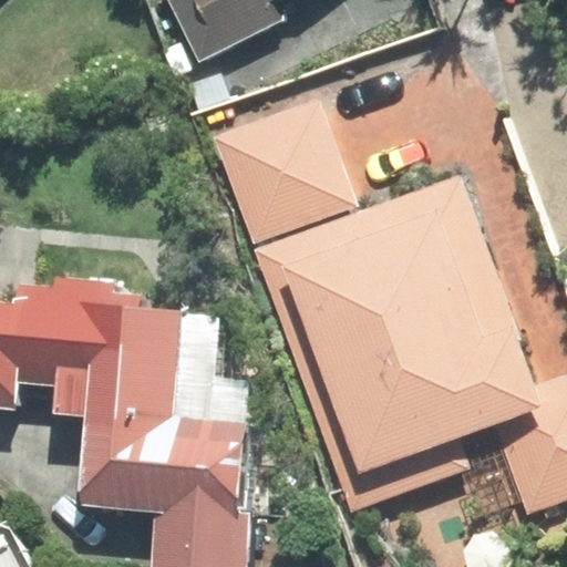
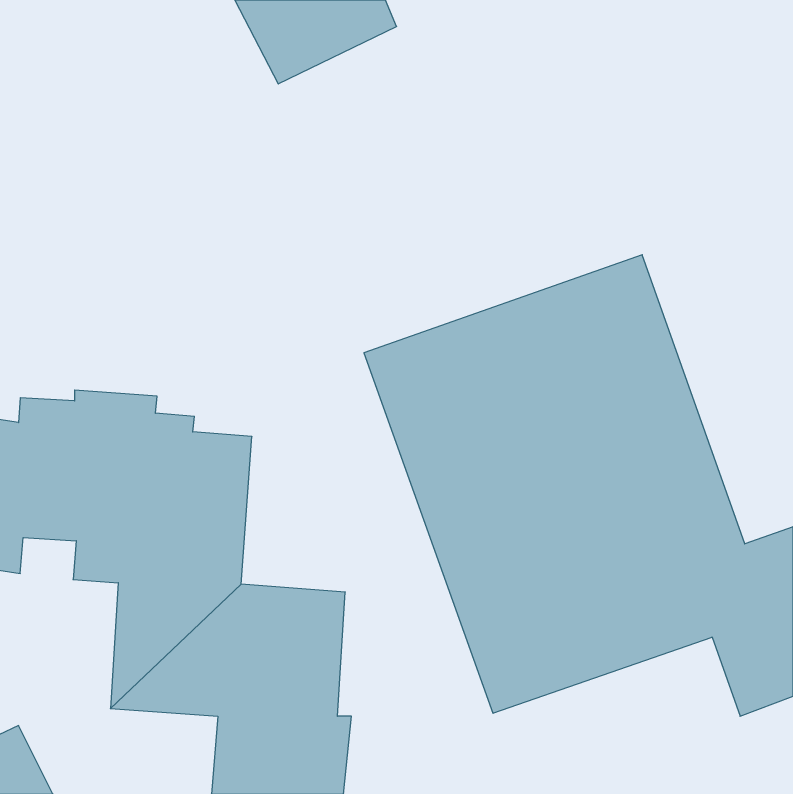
building: [216,102,353,239] -> none

